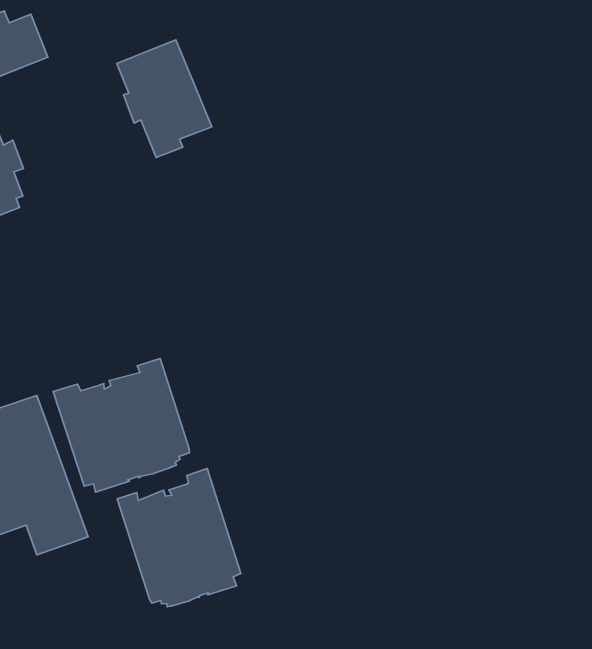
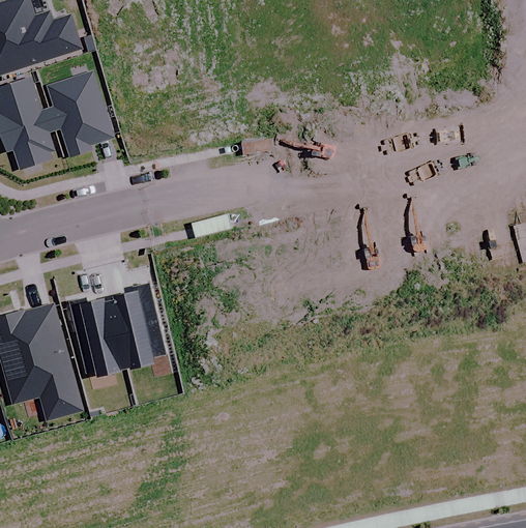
building: [117,40,212,157] -> [47,70,114,157]
building: [117,468,241,607] -> none

